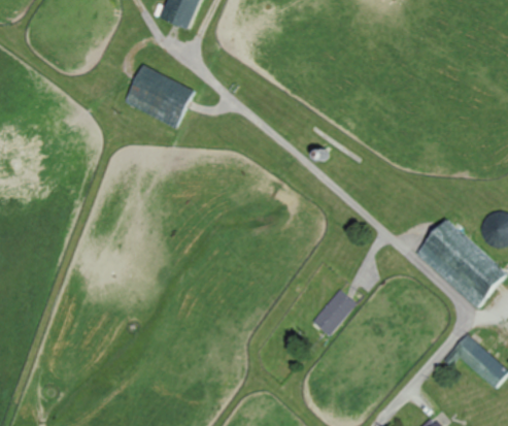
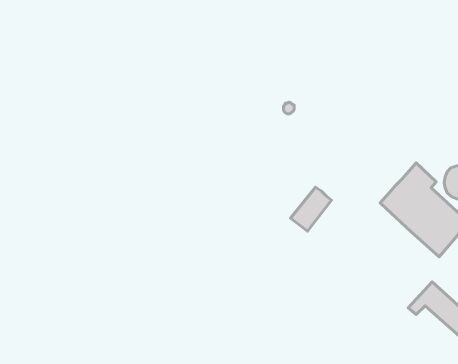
building: [123,63,194,128] -> none
building: [311,290,353,335] -> [290,187,331,231]

